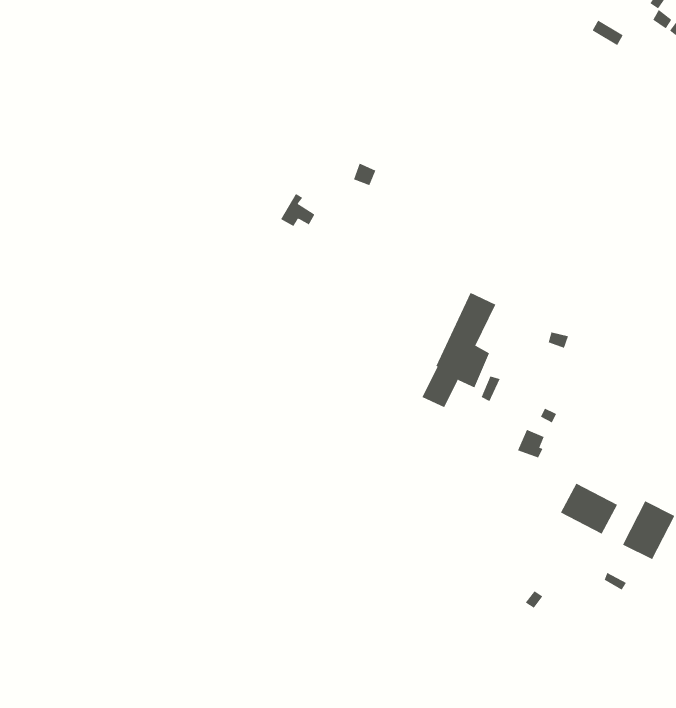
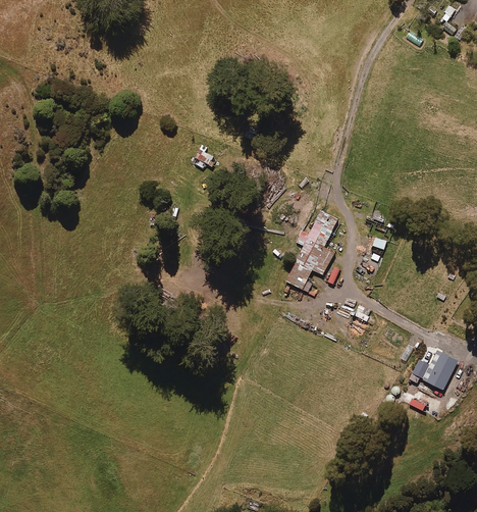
building: [560,483,618,535] -> none

